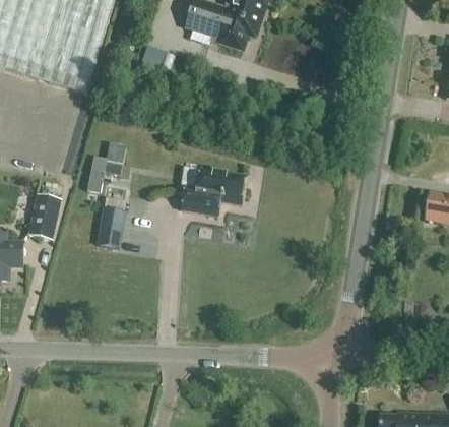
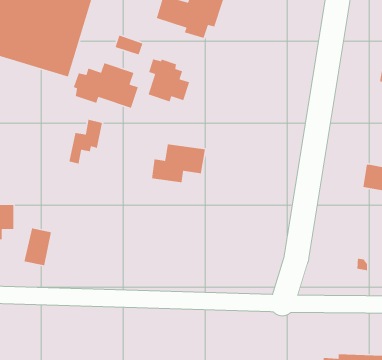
building: none -> [147,59,190,102]
building: none -> [73,62,139,109]
building: [27,194,60,239] -> [24,228,52,266]
building: [97,207,125,248] -> none

